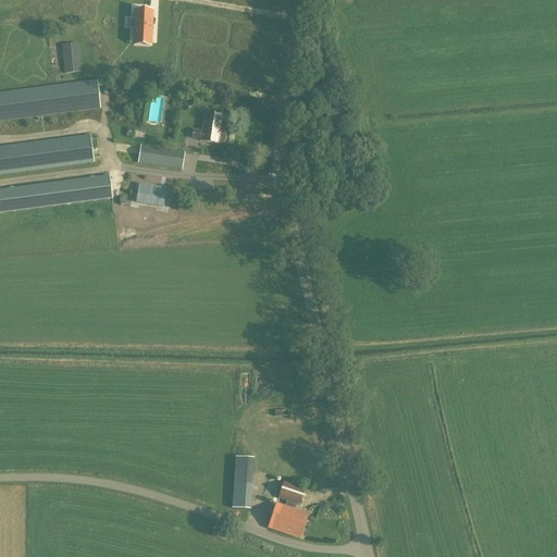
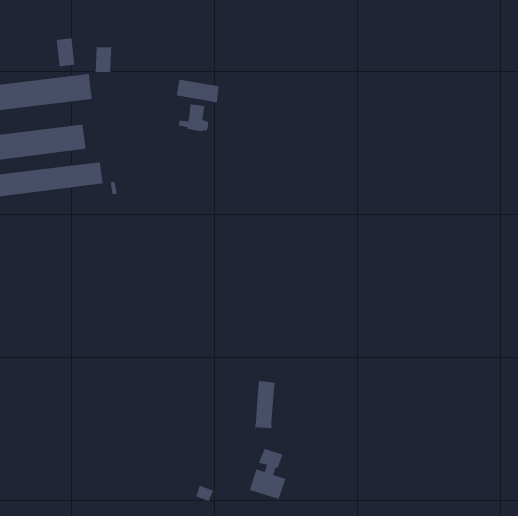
building: [133,8,151,36] -> [95,46,112,73]
building: [136,143,183,169] -> [176,79,220,103]
building: [136,184,165,205] -> none
building: [230,455,252,507] -> [254,380,275,429]

